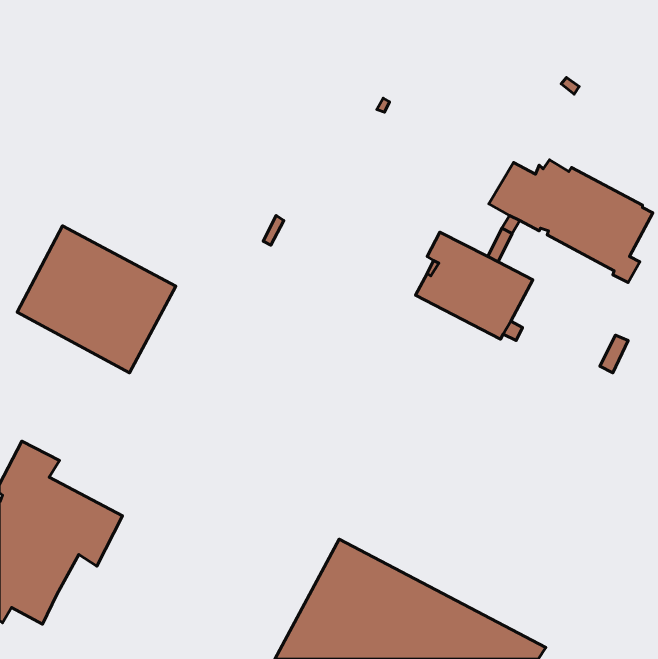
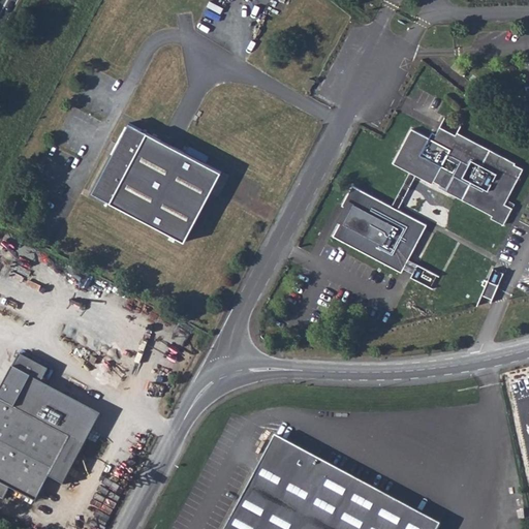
building: [17,226,176,373] -> [92,124,219,242]
building: none -> [45,444,77,485]

